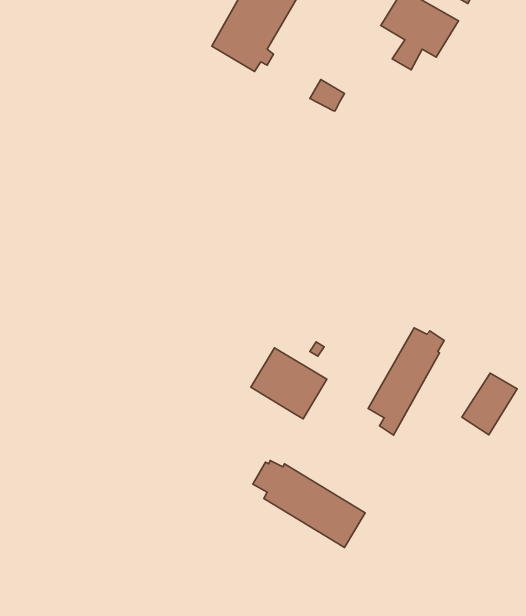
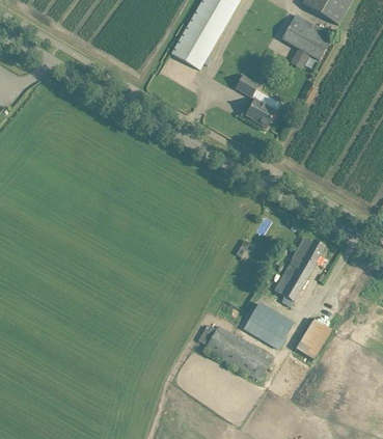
building: none -> [245,88,275,126]
building: [251,348,327,419] -> [243,303,293,350]
building: [462,373,517,435] -> [295,318,331,358]

